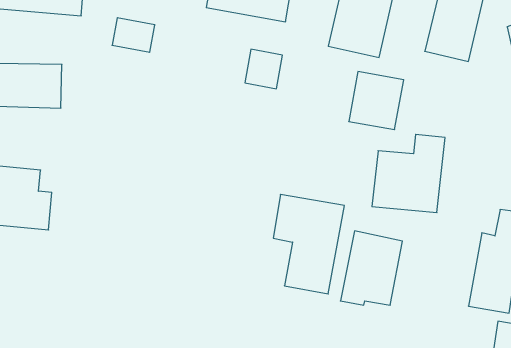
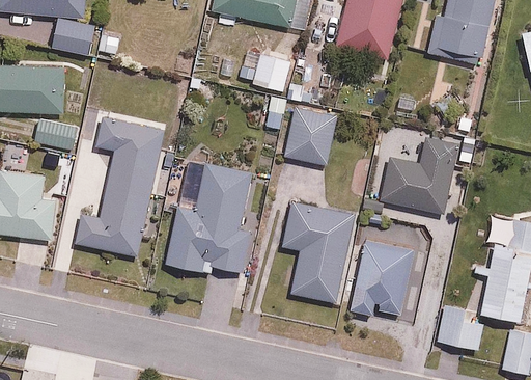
building: [112,18,155,52] -> [51,19,94,54]
building: [349,72,404,130] -> [279,105,335,164]
building: none -> [74,114,167,257]
building: none -> [34,118,75,150]
building: none -> [168,166,250,271]
building: none -> [438,310,481,348]

